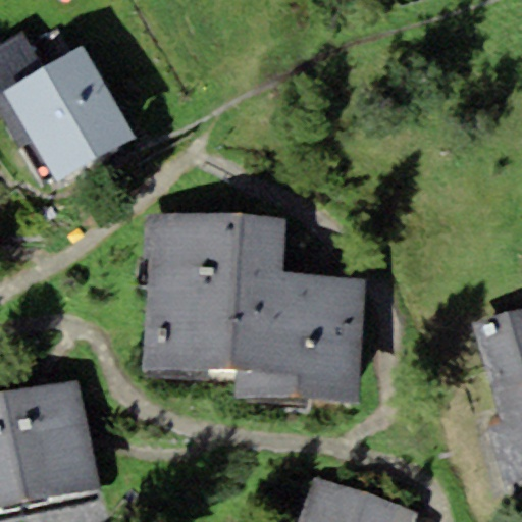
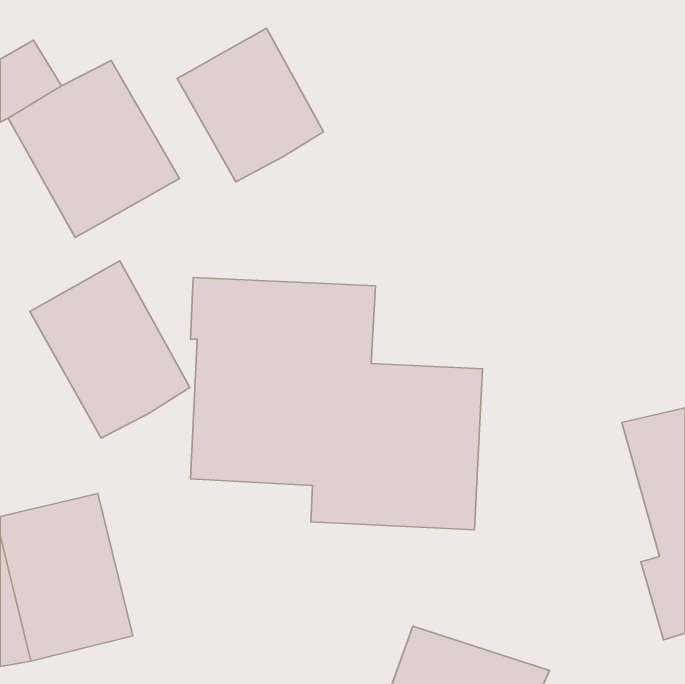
building: none -> [177,28,323,182]
building: none -> [30,261,190,438]

